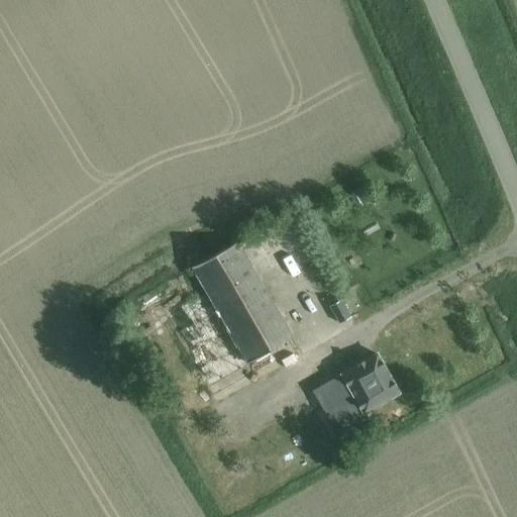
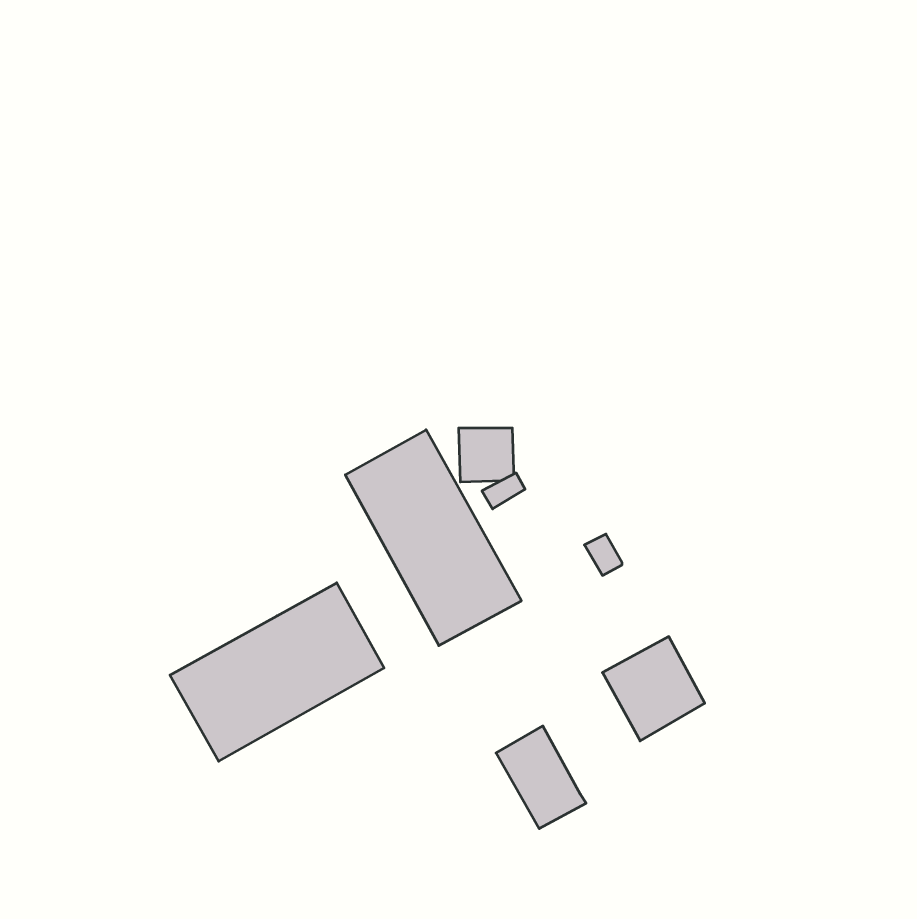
building: none -> [170,583,384,761]
building: [312,378,363,435] -> [496,726,586,829]

